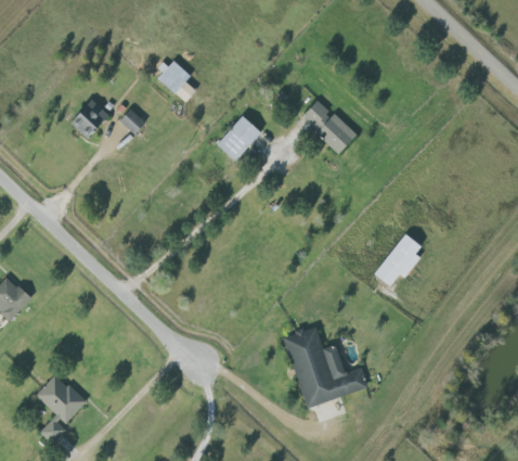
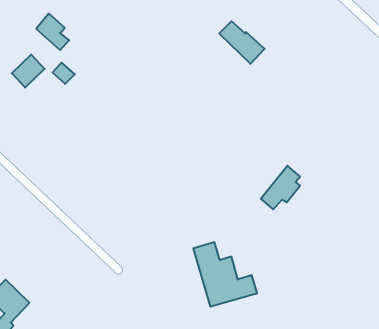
building: [154,59,194,103] -> [36,14,69,50]
building: [299,101,354,153] -> [219,21,265,64]
building: [215,116,258,163] -> none

